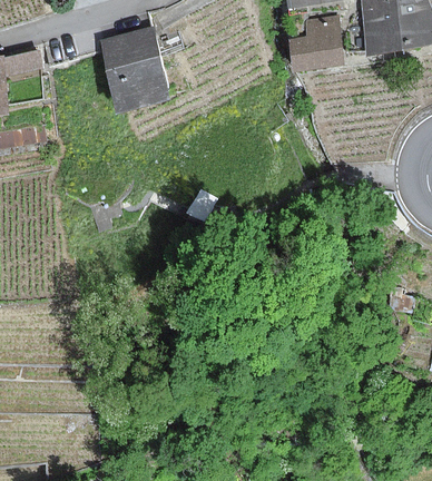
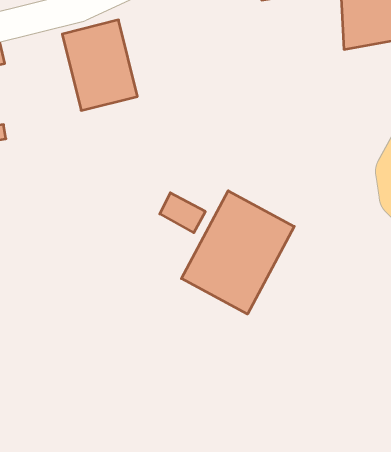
building: [288,14,344,72] -> none
building: none -> [181,191,294,314]

